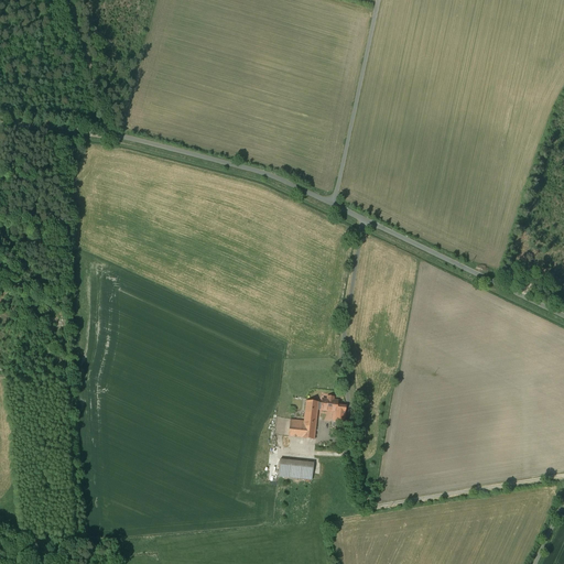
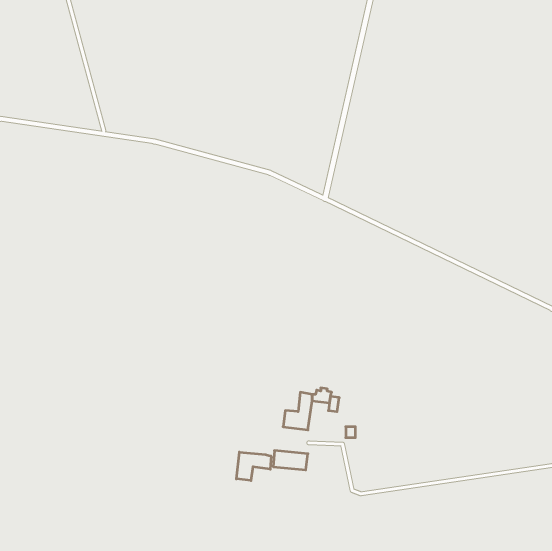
building: none -> [236,452,271,481]

